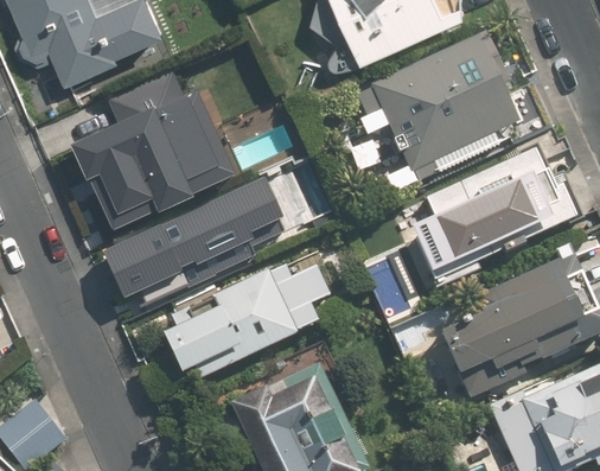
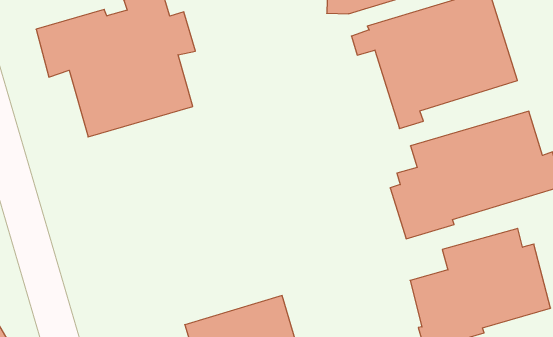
building: [106,174,288,297] -> none
building: [168,265,331,377] -> none

